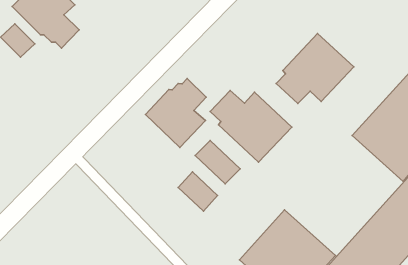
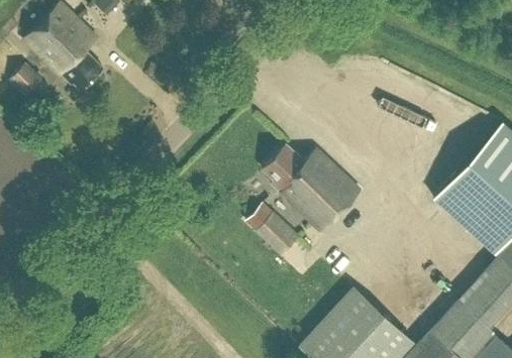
building: [276,33,354,104] -> none
building: [145,79,206,148] -> none
building: [178,172,218,211] -> none

